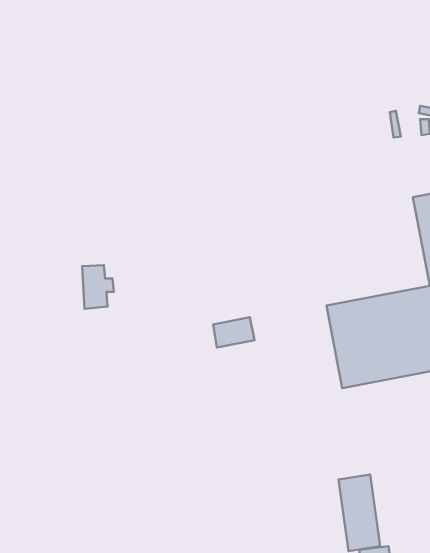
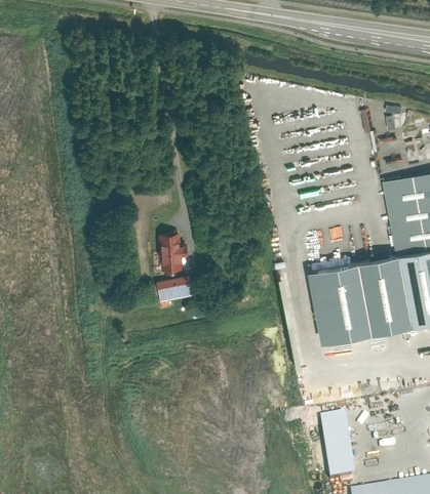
building: [82,265,114,309] -> [159,234,186,271]
building: [213,317,255,348] -> [156,276,191,301]

